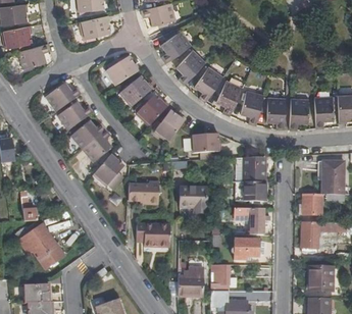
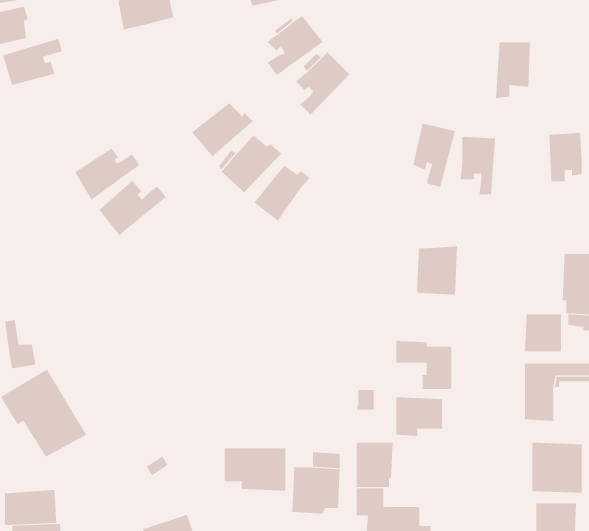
building: [108,60,142,89] -> none
building: [196,68,223,103] -> none
building: [217,81,243,116] -> none
building: [46,86,84,114] -> none
building: [289,99,308,129] -> [495,42,531,99]
building: [83,130,112,164] -> none
building: [191,135,220,154] -> none
building: [93,155,123,192] -> none
building: [128,181,158,204] -> none
building: [243,182,264,202] -> none
building: [180,188,206,215] -> none
building: [136,224,169,248] -> [224,448,286,491]

